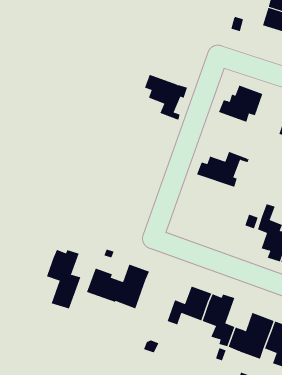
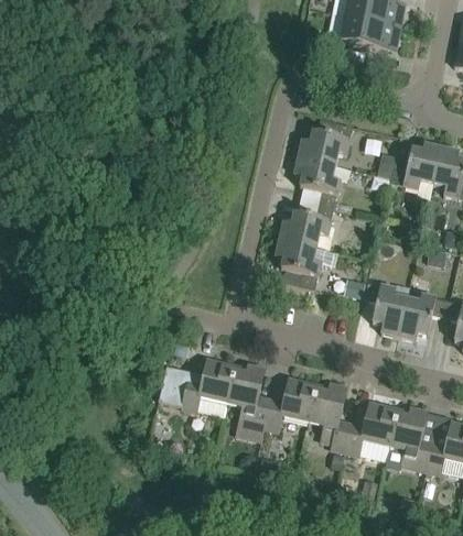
building: [144,74,188,121] -> [293,155,348,209]
building: none -> [274,237,334,288]
building: [42,249,81,309] -> [223,364,270,439]

